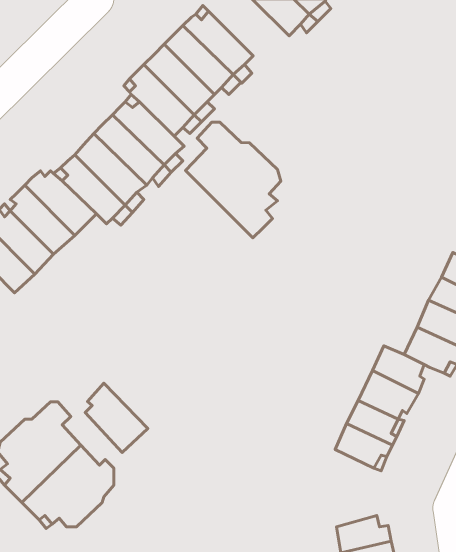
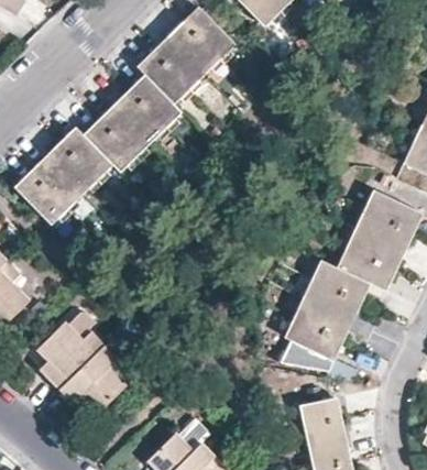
building: [186,122,281,238] -> none
building: [85,383,148,452] -> none

